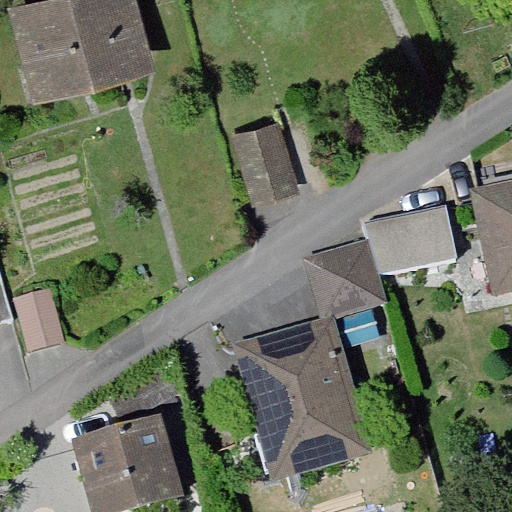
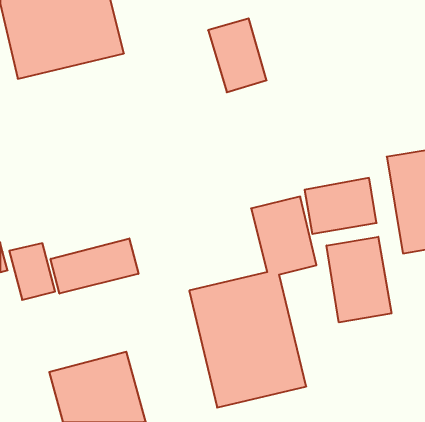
building: [232,115,301,202] -> [208,18,267,92]
building: none -> [327,237,391,322]
building: none -> [51,238,138,294]

